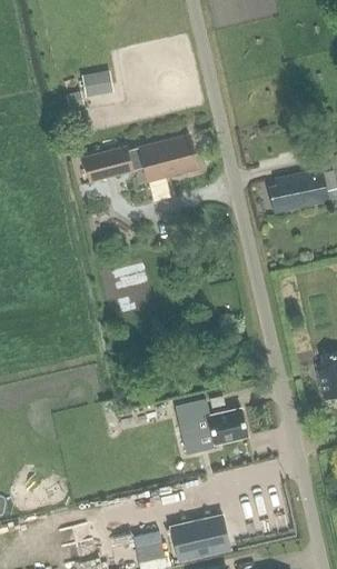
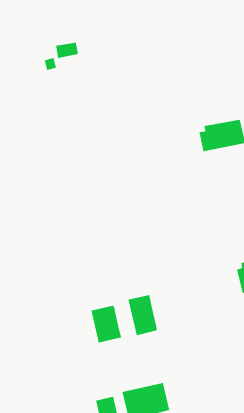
building: [82,134,198,181] -> none
building: [208,408,247,443] -> none
building: none -> [91,305,122,344]

